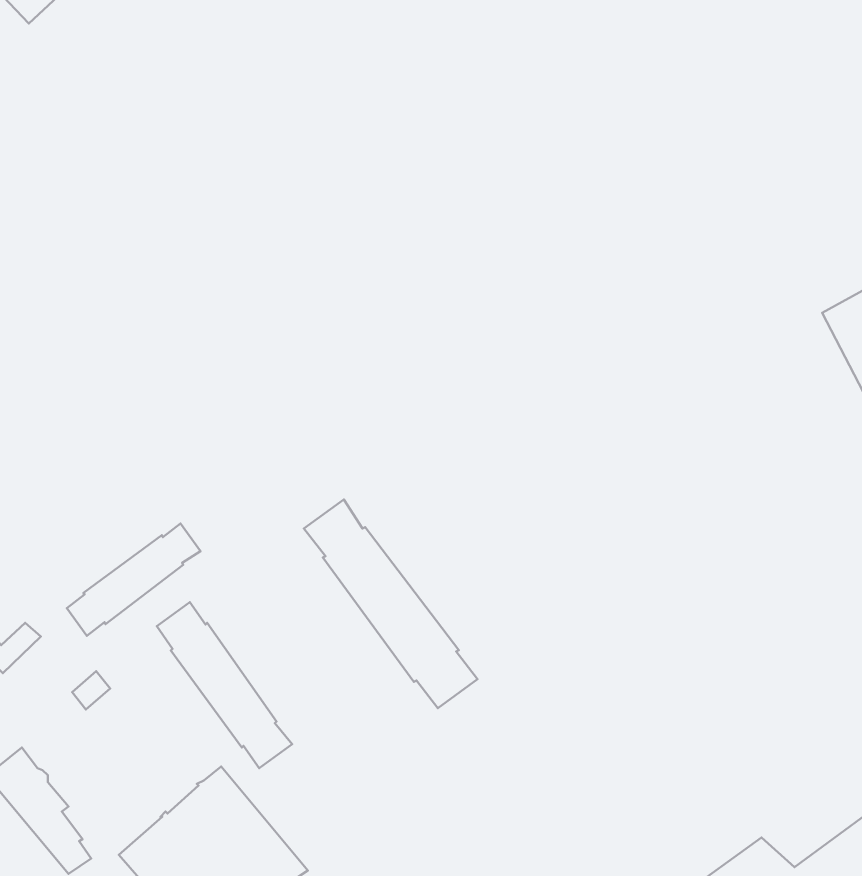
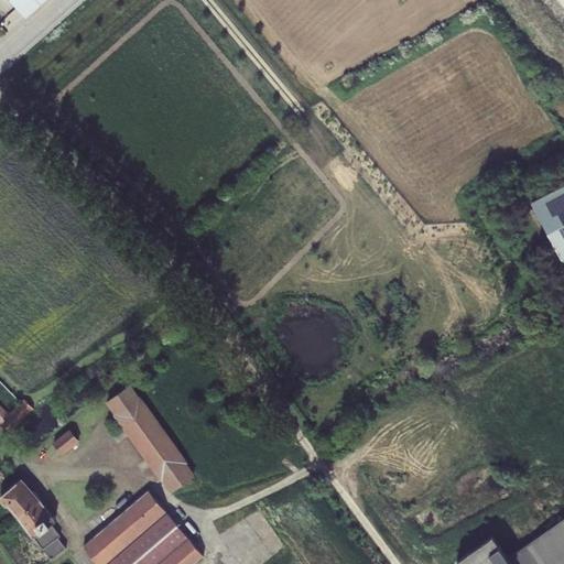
building: [304,499,478,708] -> none
building: [67,523,201,636] -> none

